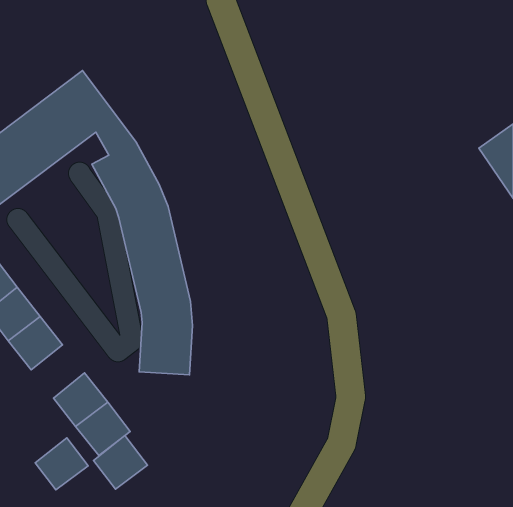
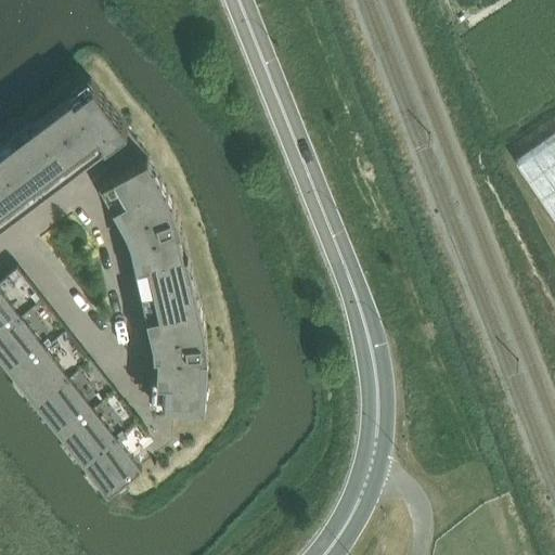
building: none -> [34,379,91,437]
building: [93,435,148,489] -> none
building: [35,438,88,490] -> none

